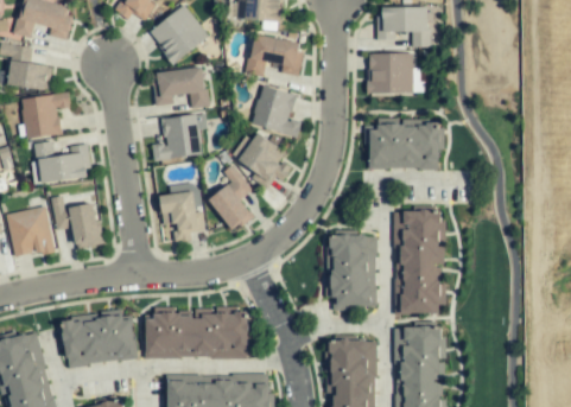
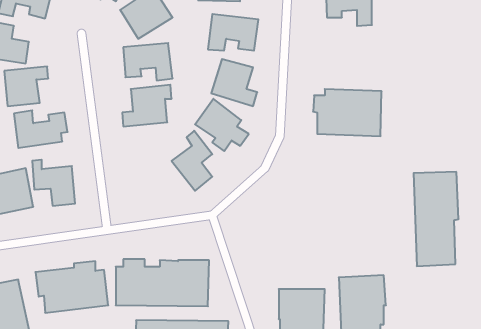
building: [368,53,423,94] -> none
building: [160,191,199,242] -> none
building: [393,210,443,314] -> [414,172,459,266]
building: [326,235,376,307] -> none

